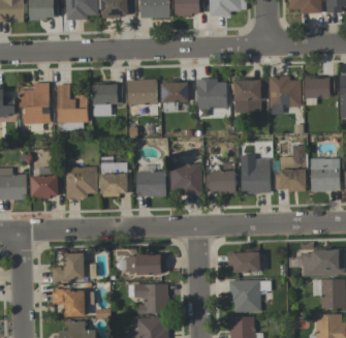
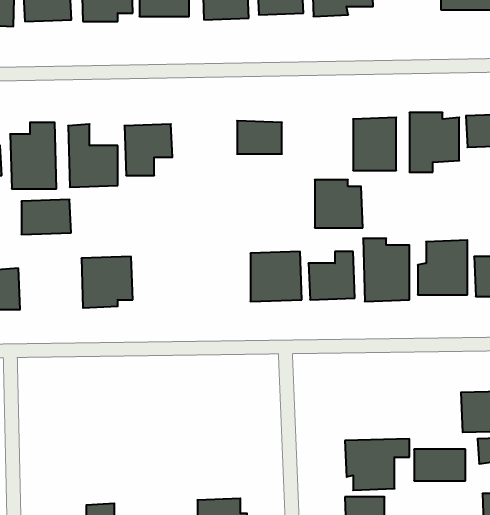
building: [197,79,227,109] -> [315,180,363,228]
building: [128,80,157,104] -> none
building: [100,162,128,195] -> none
building: [136,167,165,197] -> none
building: [31,176,62,197] -> [21,200,71,234]
building: [228,252,260,272] -> [414,449,465,481]
building: [53,253,96,280] -> none
building: [126,254,166,274] -> none
building: [128,283,168,314] -> none
building: [53,289,86,317] -> none

